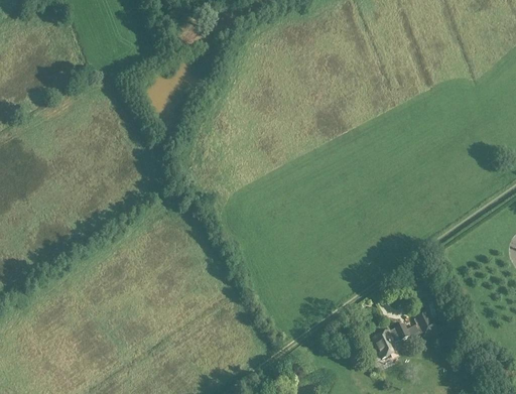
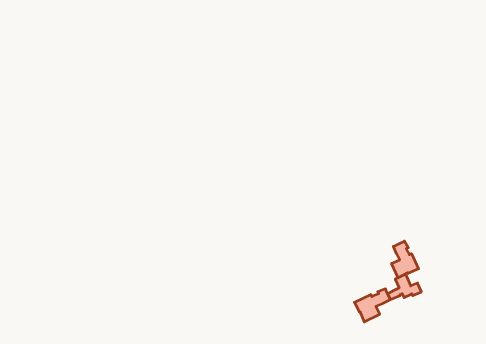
building: none -> [392,241,419,278]

